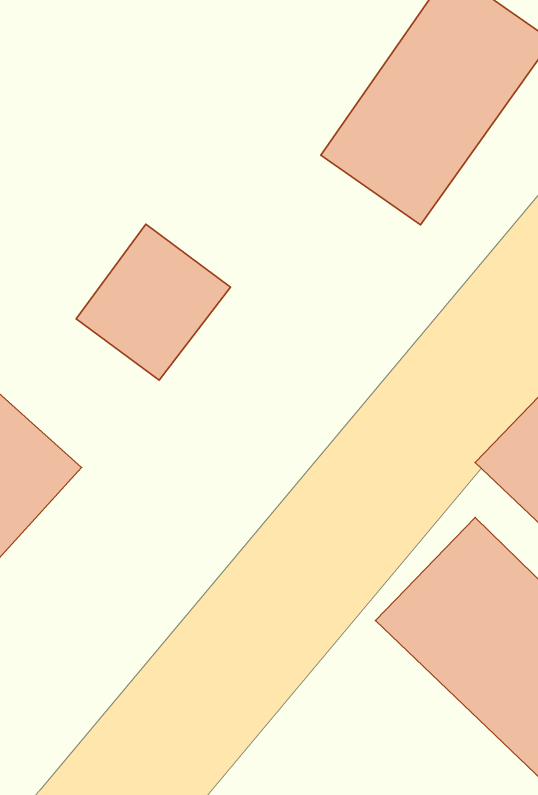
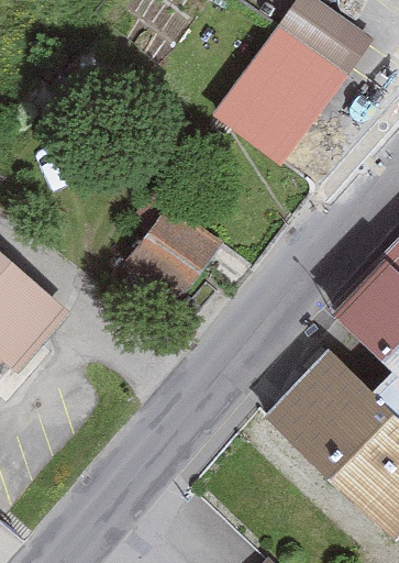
building: [76,224,231,380] -> [130,195,232,298]

